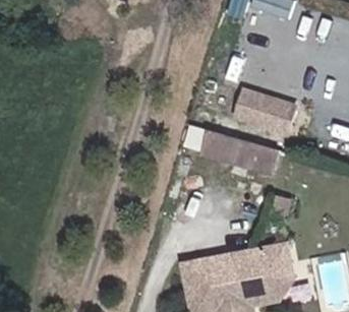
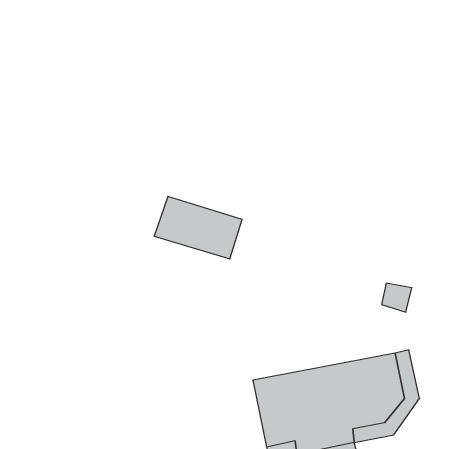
building: [238,90,294,130] -> none
building: [202,129,261,171] -> [154,197,242,259]

